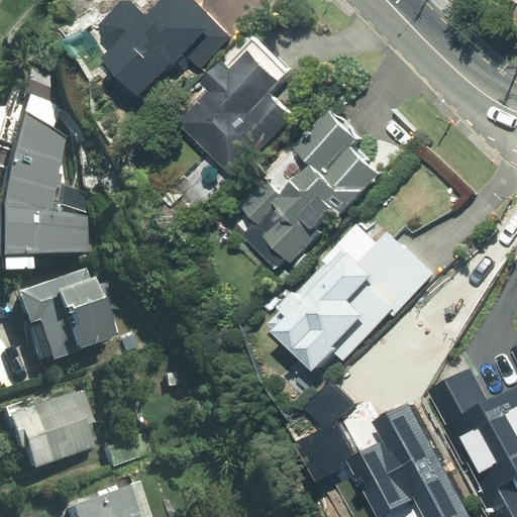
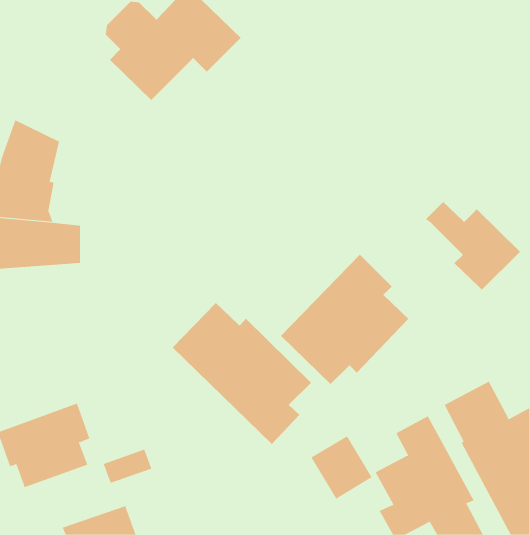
building: [179,38,297,178] -> none
building: [232,110,381,268] -> none
building: [342,224,434,310] -> [425,201,521,290]
building: [5,269,104,363] -> none
building: none -> [172,302,312,445]

